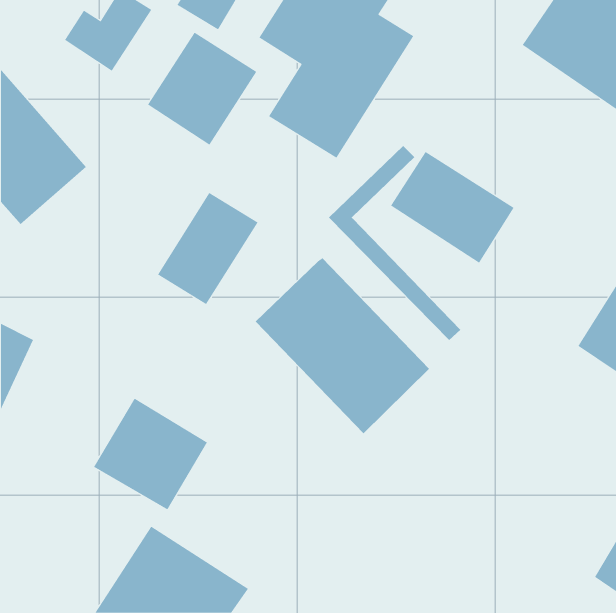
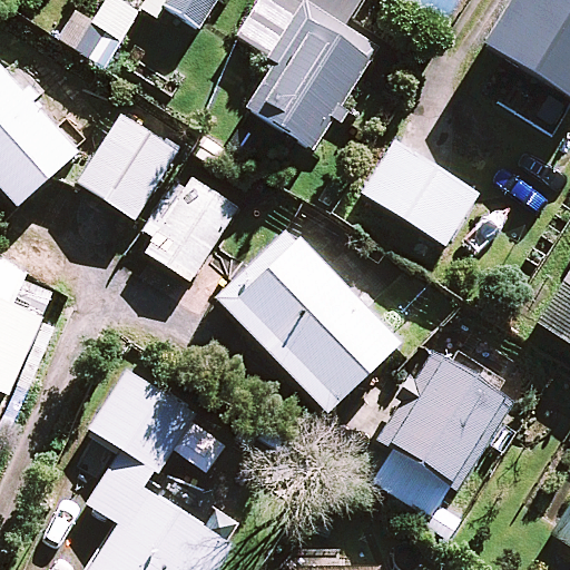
building: [147,32,257,146] -> [78,115,179,219]
building: [328,145,461,341] -> [214,229,336,410]
building: none -> [375,348,512,485]

